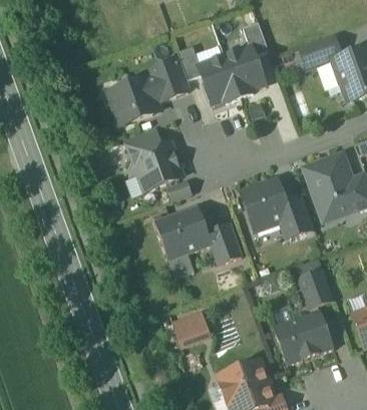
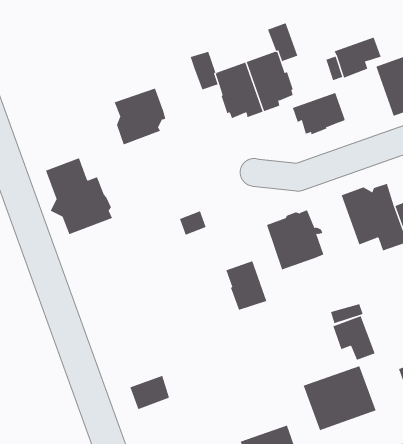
building: [148,59,191,101] -> none
building: none -> [292,92,345,135]
building: [125,125,182,190] -> [45,157,113,235]
building: [285,194,314,237] -> none
building: [155,206,213,261] -> none
building: [173,313,208,342] -> [130,375,170,410]

